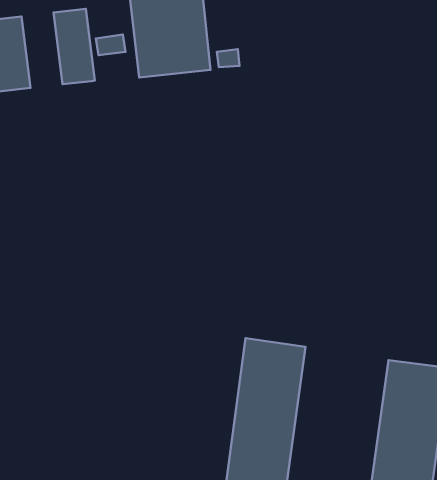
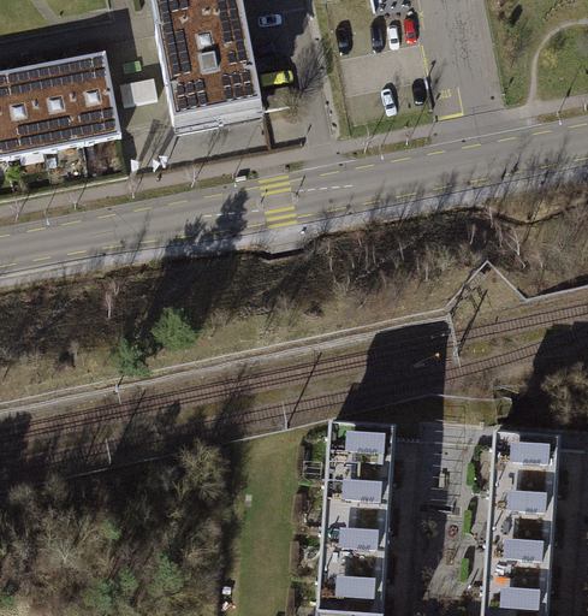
building: none -> [31,59,85,149]

